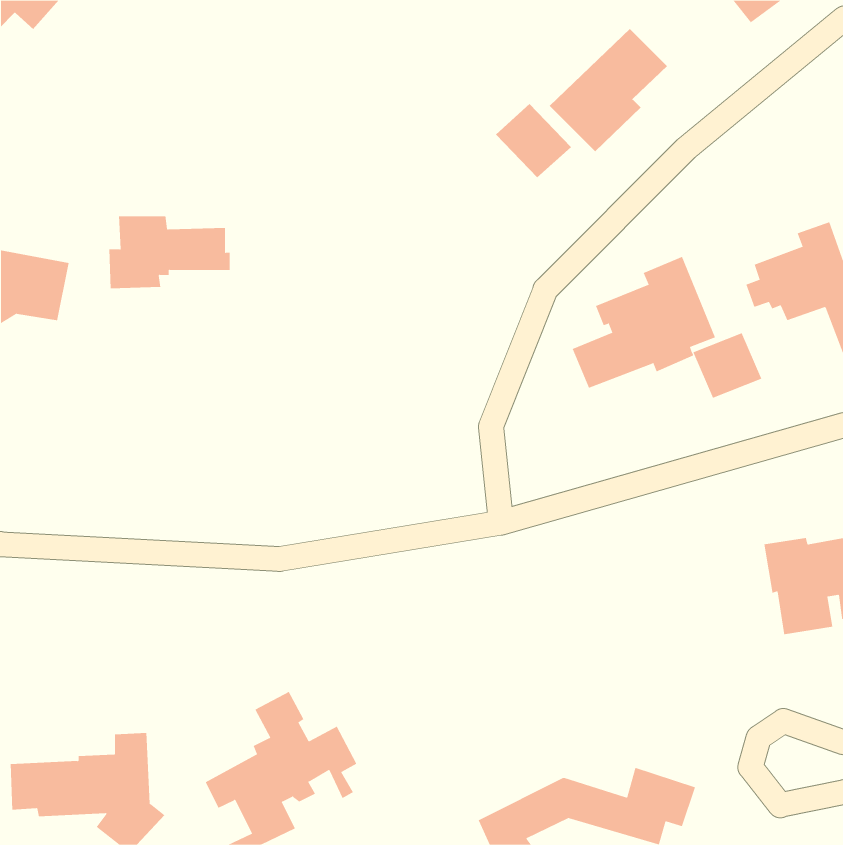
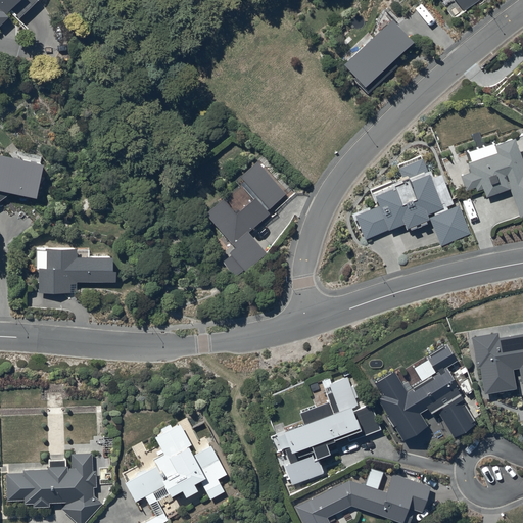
building: [495,103,572,178] -> none
building: [108,216,231,289] -> [40,248,115,293]
building: none -> [202,158,287,275]
building: none -> [373,346,478,442]
building: none -> [283,375,381,484]

